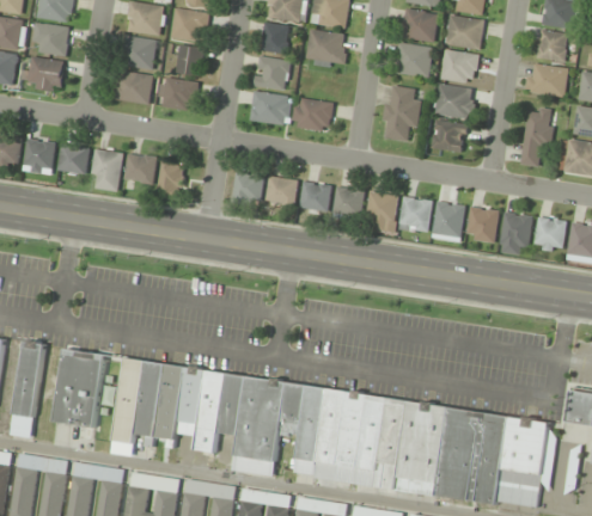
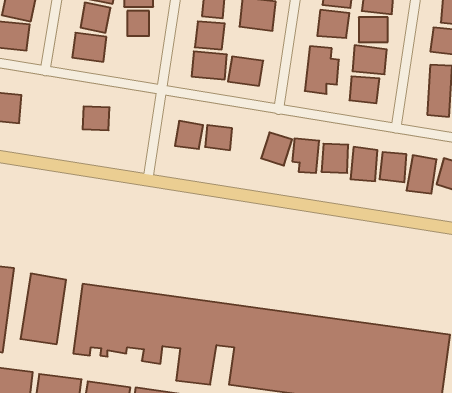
building: [158,78,197,111] -> none
building: [59,146,89,174] -> none
building: [90,149,122,191] -> none
building: [157,161,183,199] -> none
building: [300,183,330,210] -> none

